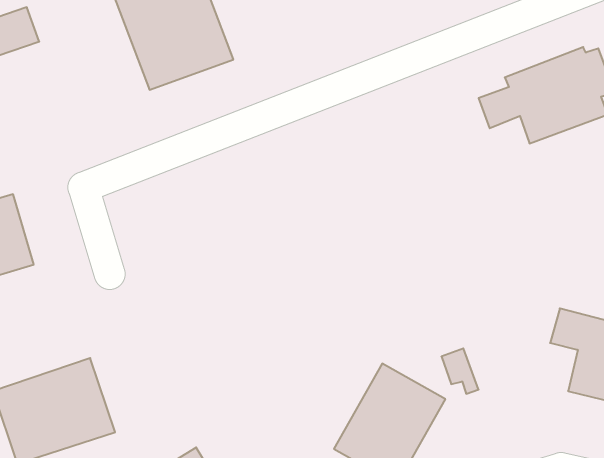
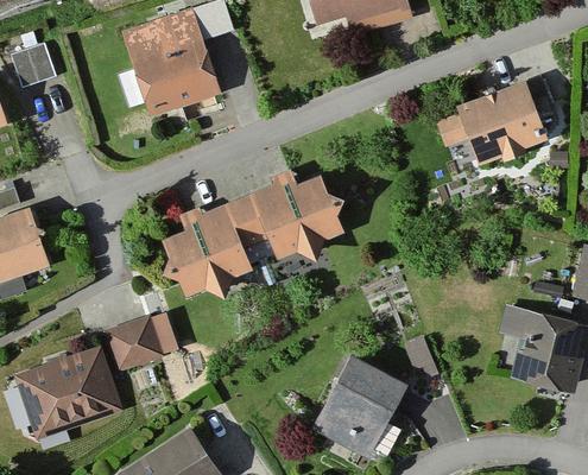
building: none -> [164,170,346,296]
building: none -> [102,316,176,374]

